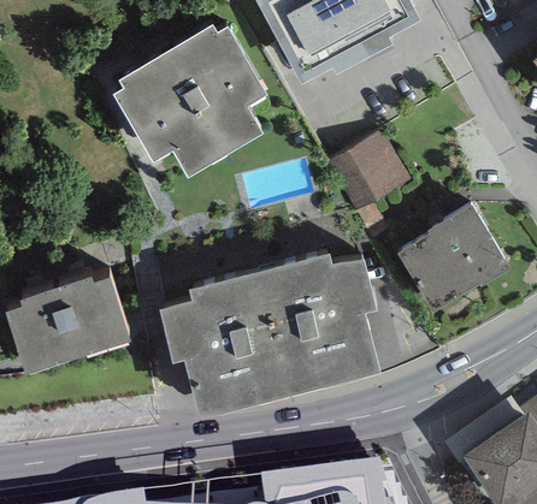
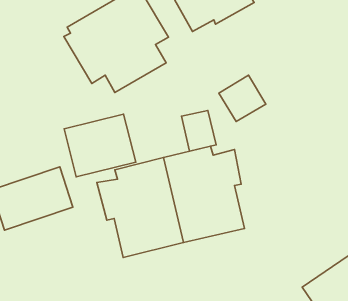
building: none -> [182,110,216,151]
building: none -> [64,114,136,177]
building: [400,206,512,312] -> none

